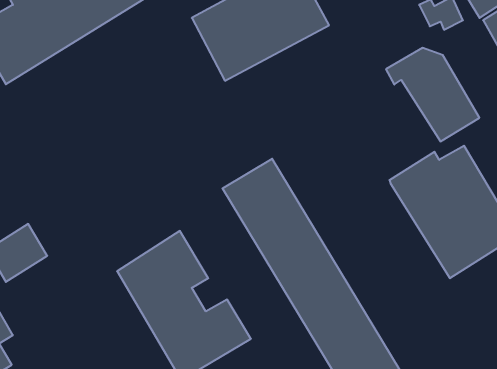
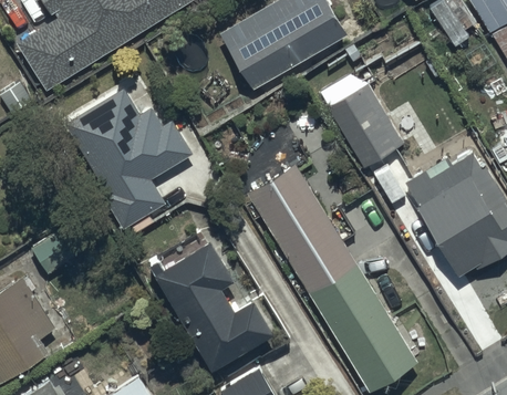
building: [386,48,479,141] -> [313,80,401,167]
building: none -> [68,90,193,227]

